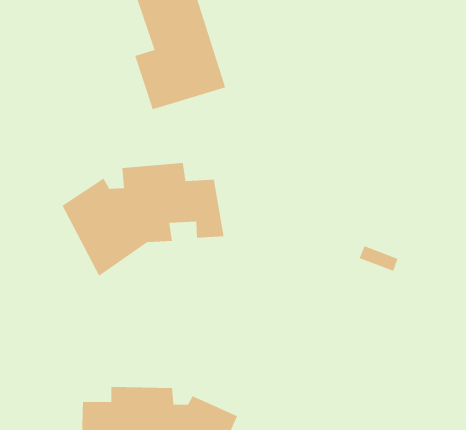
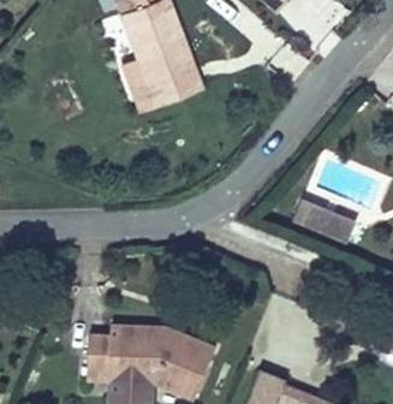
building: [61,162,224,277] -> none

